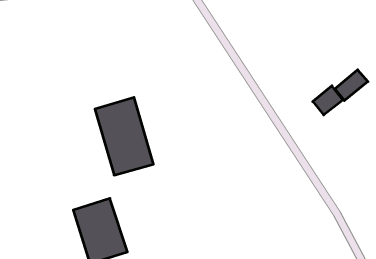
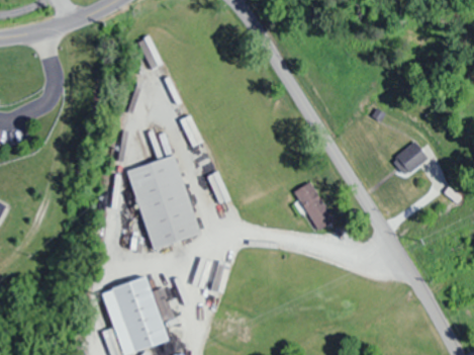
building: [335,70,368,101] -> none
building: none -> [294,182,335,232]

